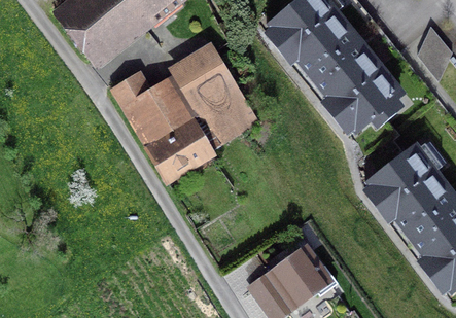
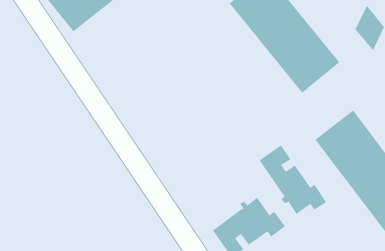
building: [111,45,256,176] -> none
building: none -> [259,145,327,215]

